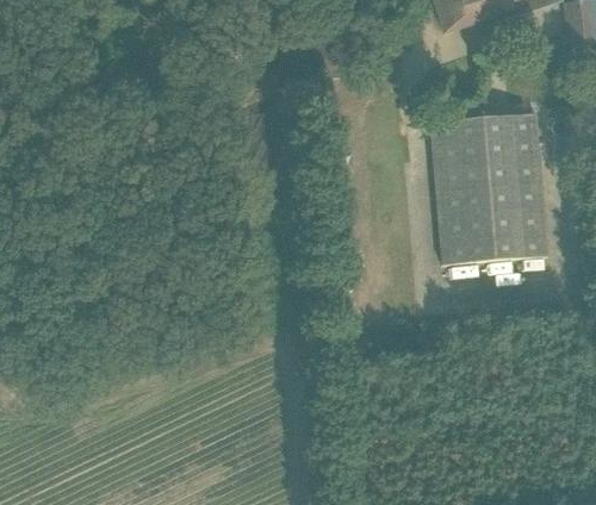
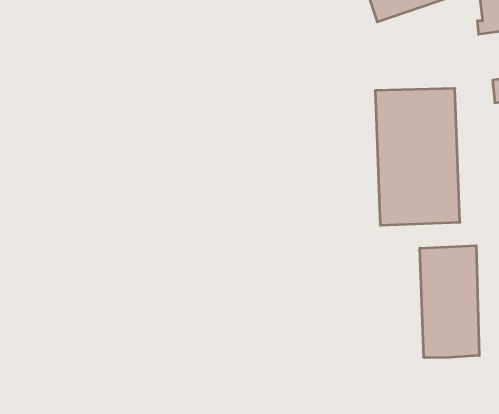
building: none -> [420,246,479,358]

